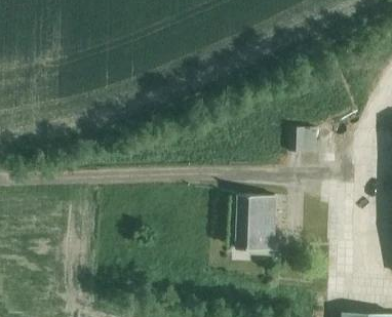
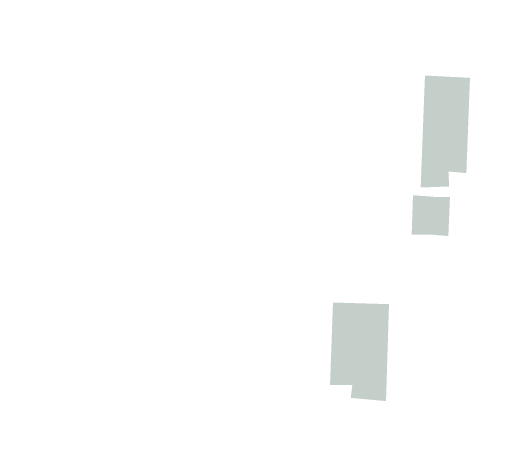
building: none -> [420,75,470,188]

